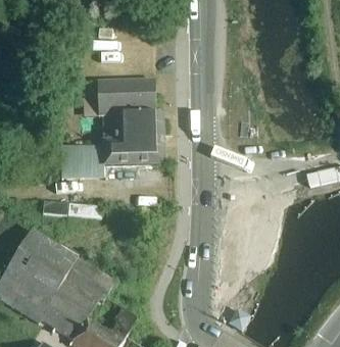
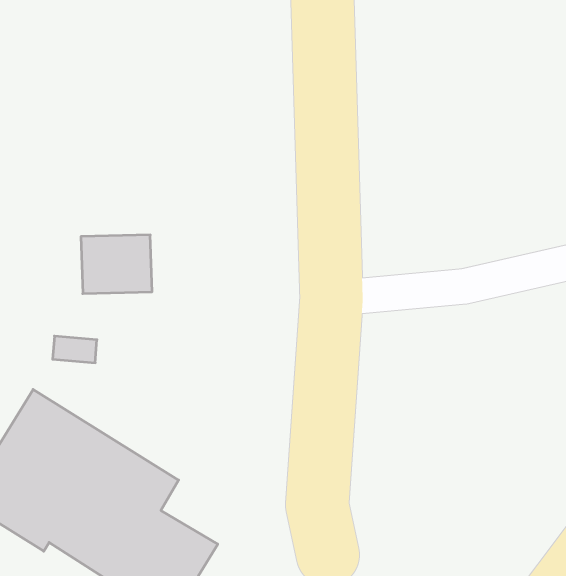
building: [96,80,167,166] -> none

